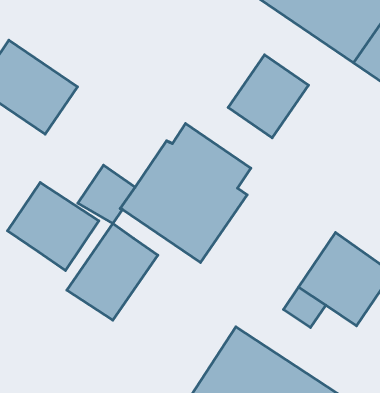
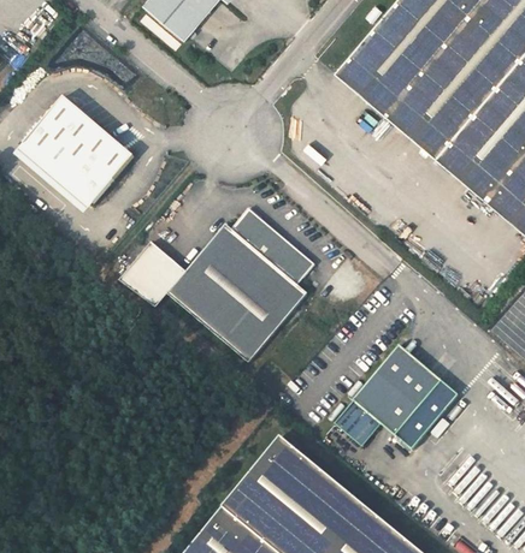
building: [228,55,309,138] -> none
building: [7,182,99,271] -> none
building: [67,224,158,320] -> none

